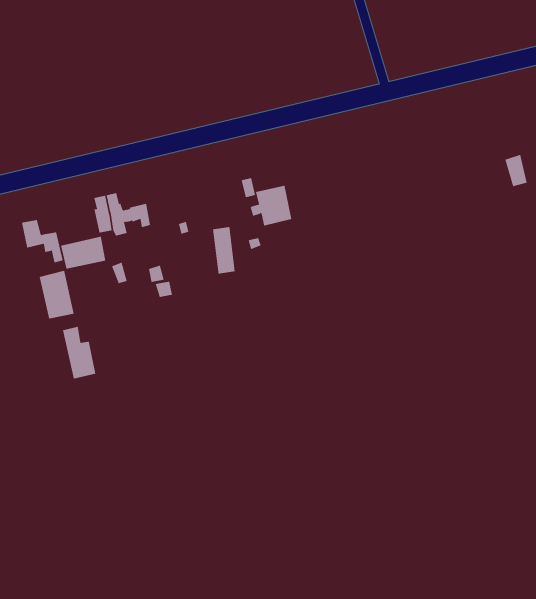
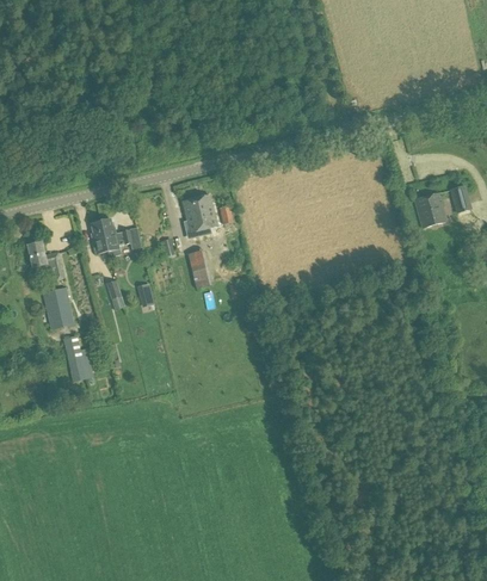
building: none -> [413,192,445,227]
building: [250,185,292,226] -> [178,194,215,230]
building: [60,236,106,270] -> none

